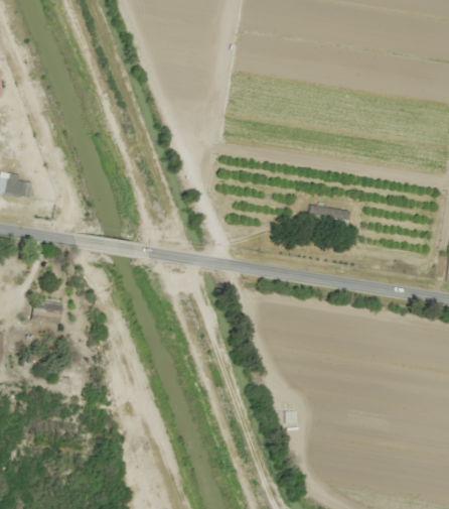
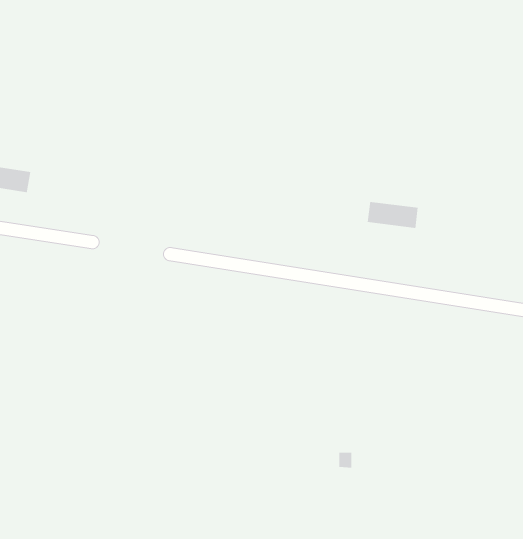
building: [30,299,62,326] -> none

